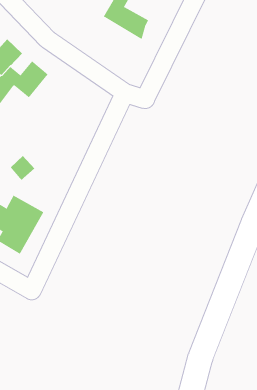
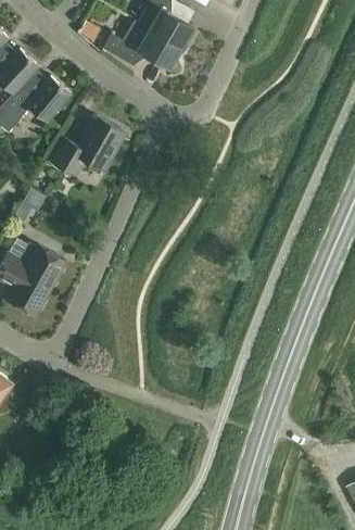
building: none -> [103,20,186,68]
building: none -> [51,116,125,176]

